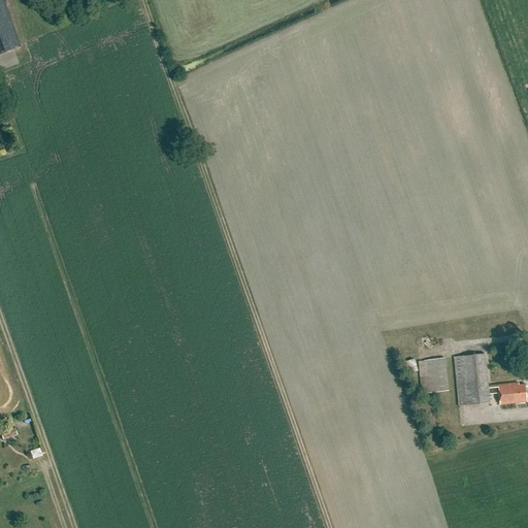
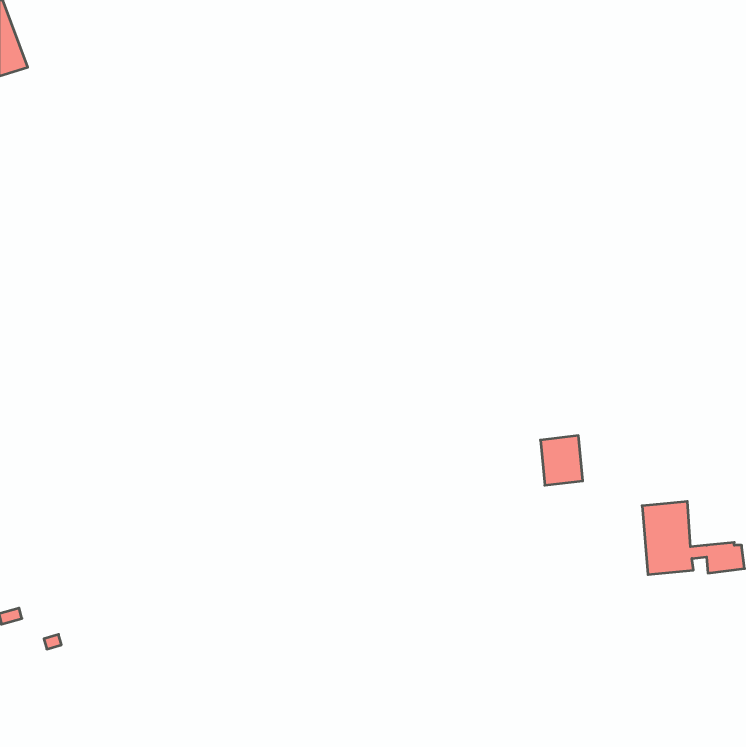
building: [418,358,448,393] -> [540,436,583,485]

